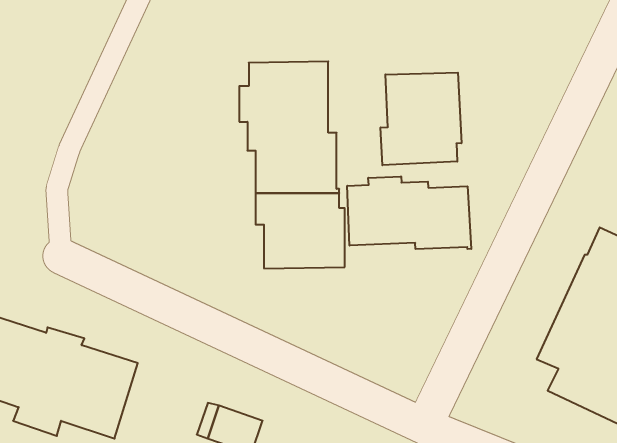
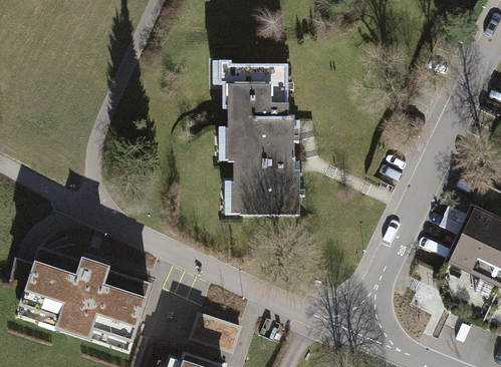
building: [381,73,461,165] -> none
building: [347,176,471,249] -> none

